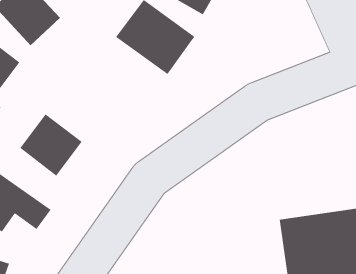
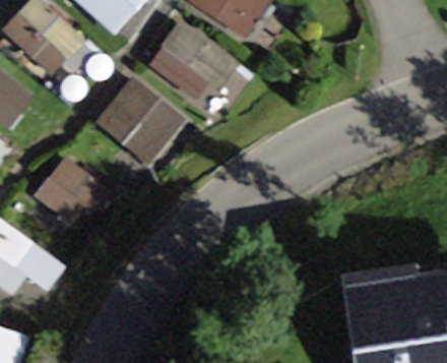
building: none -> [101,75,188,159]

